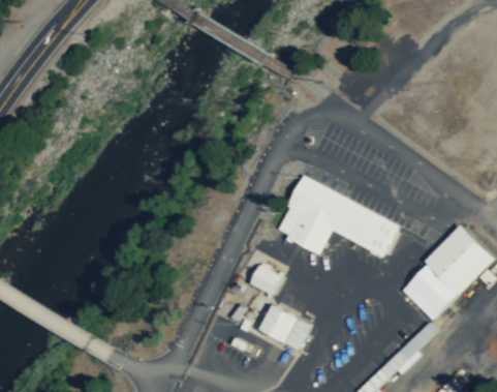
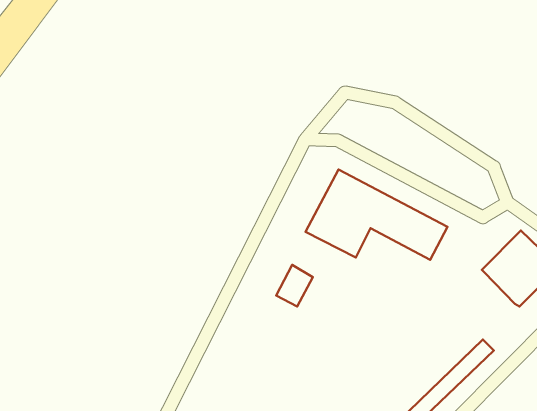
building: [404,265,455,316] -> none
building: [261,306,311,349] -> none

